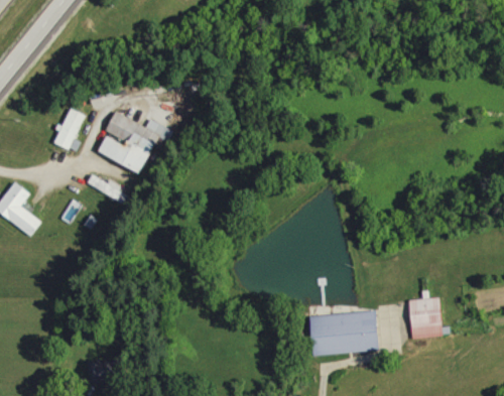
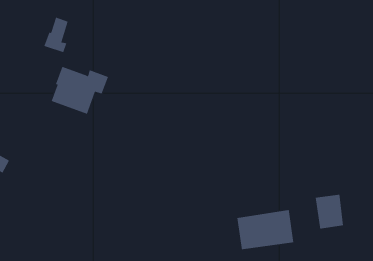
building: [50,108,84,152] -> [43,17,68,53]
building: [85,174,128,206] -> none

